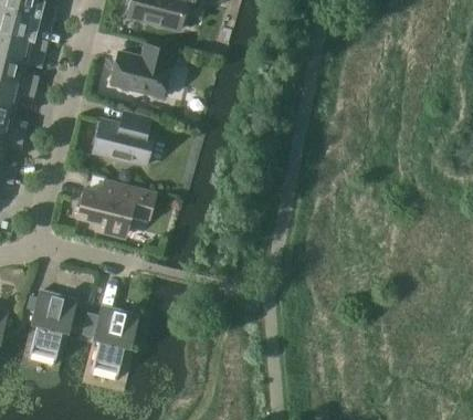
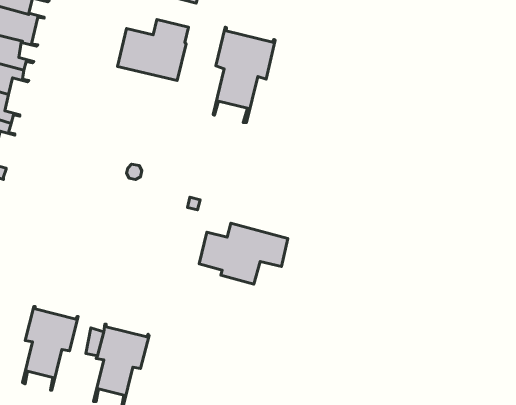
building: none -> [213,27,275,122]
building: [93,109,154,165] -> none
building: [77,180,155,233] -> [199,223,288,284]

